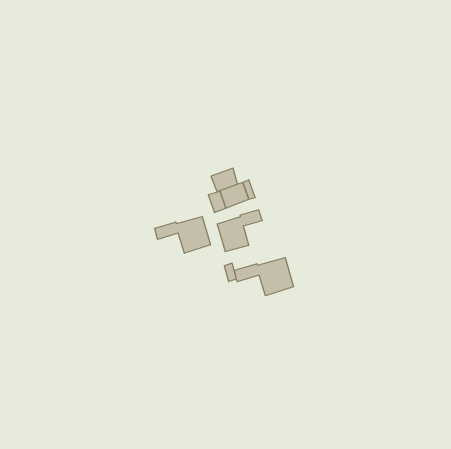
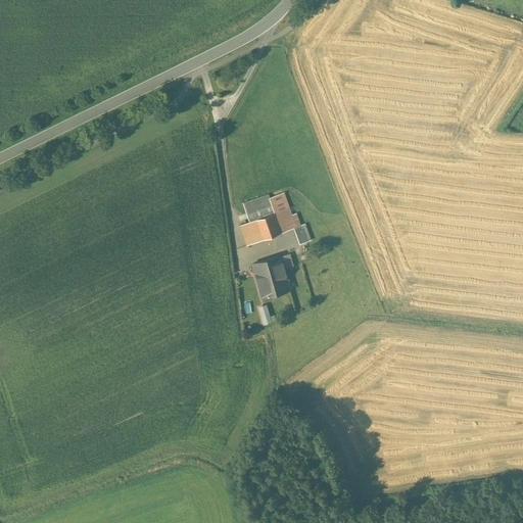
building: [155,217,210,253] -> none
building: [234,258,294,296] -> none

